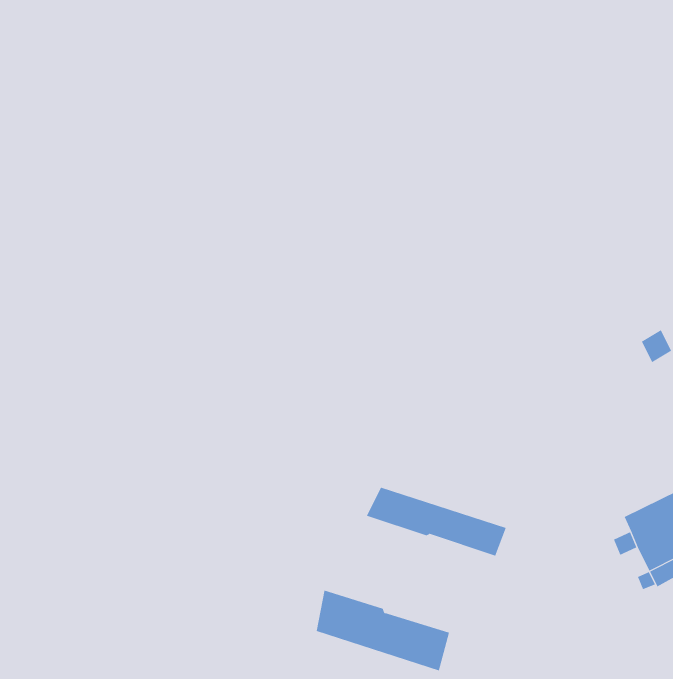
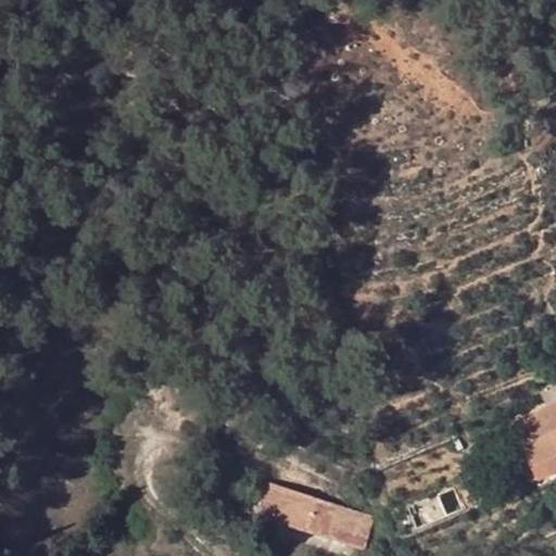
building: [366,487,507,556] -> none

